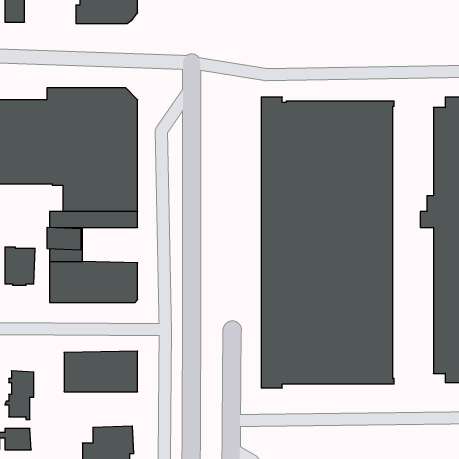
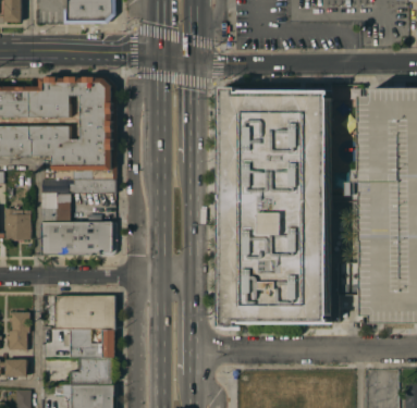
building: none -> [68,329,113,358]

